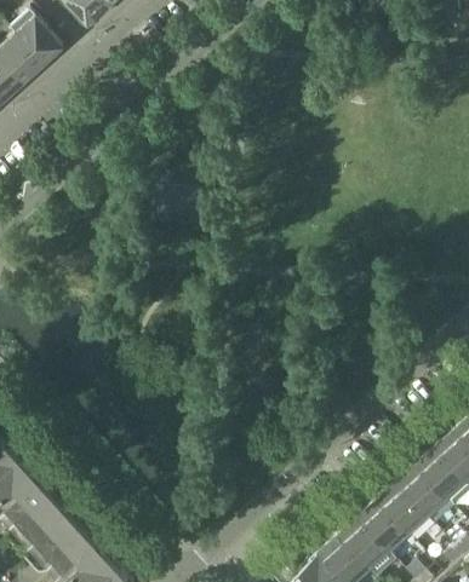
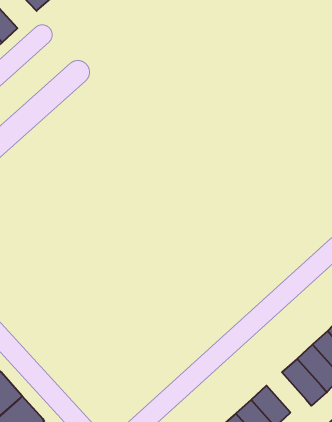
building: [376,486,425,537] -> none

